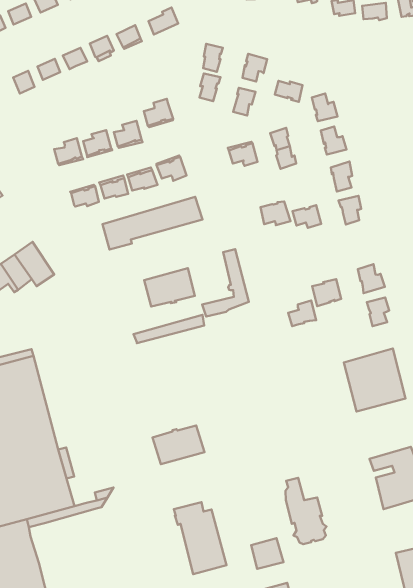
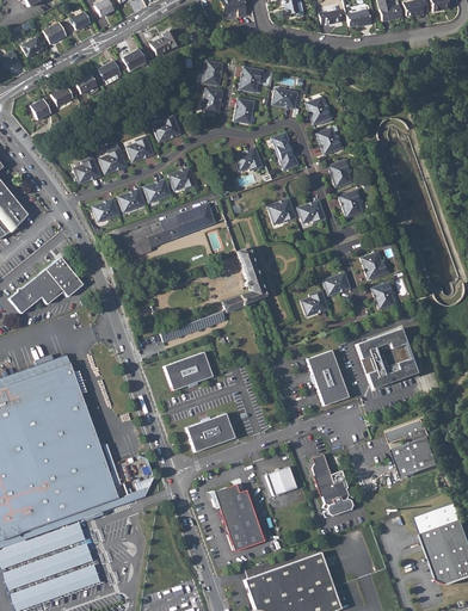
building: [144,268,195,307] -> [164,352,211,390]
building: none -> [307,351,347,406]
building: [251,538,284,569] -> [265,467,296,496]

